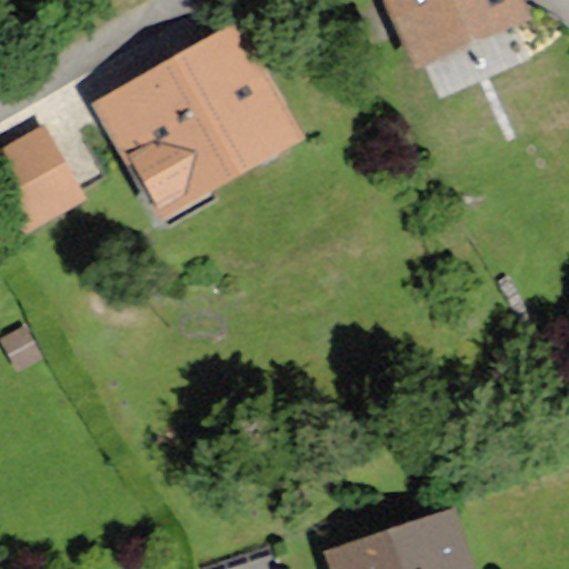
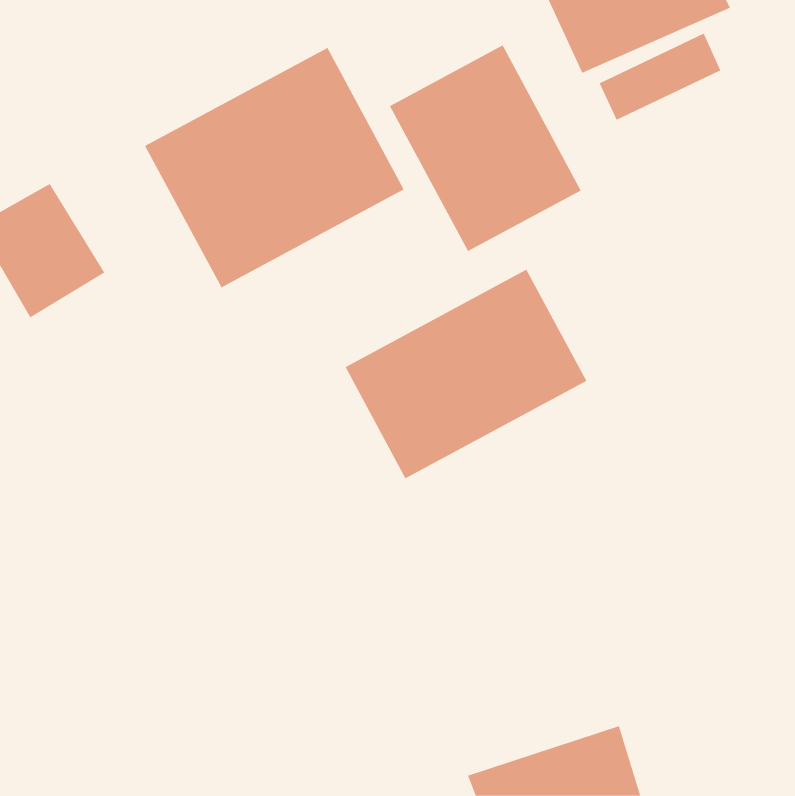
building: none -> [389,45,581,252]
building: none -> [345,269,587,479]

